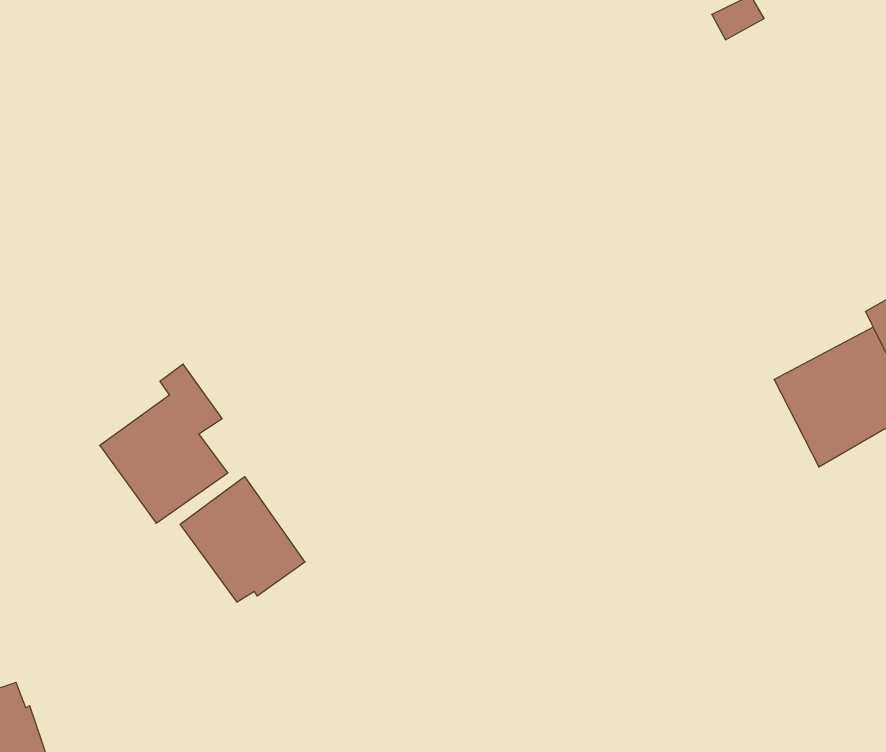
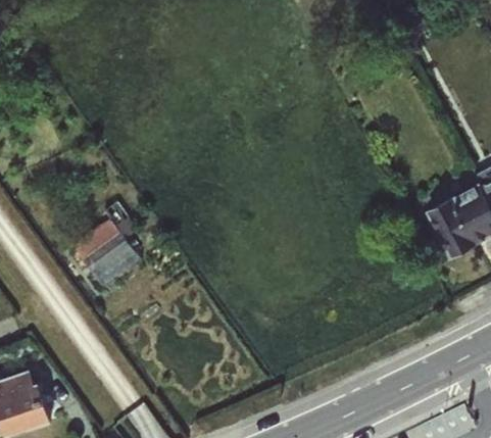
building: [180,477,305,602] -> none

